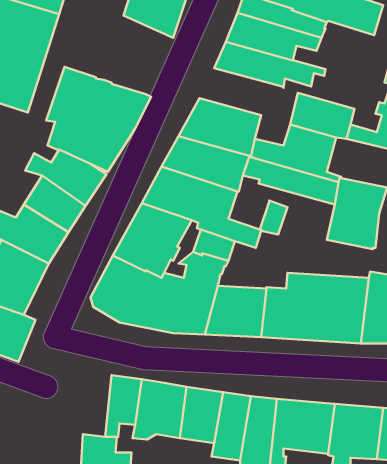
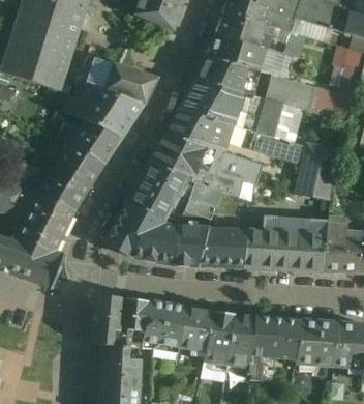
building: none -> [194,55,260,94]
building: none -> [217,152,249,182]
building: none -> [89,294,125,346]

